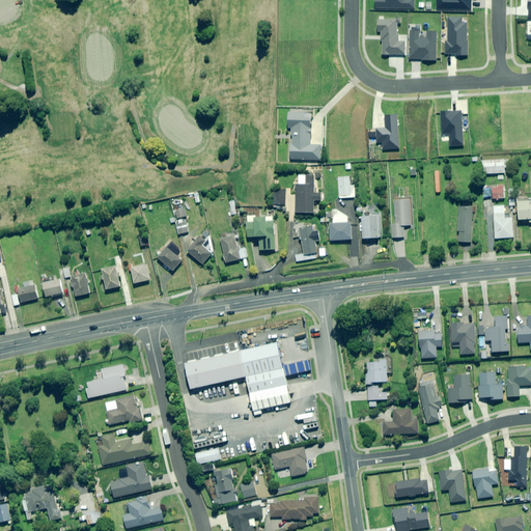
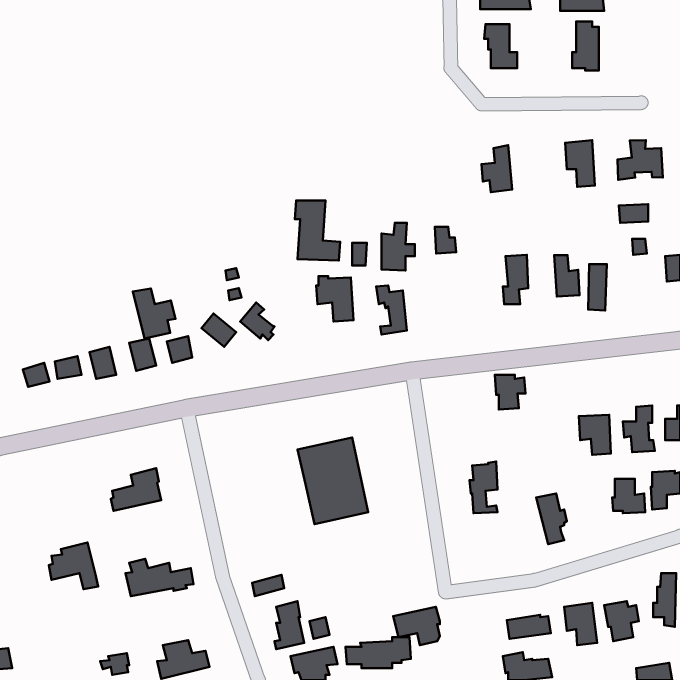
building: [409,29,436,59] -> none
building: none -> [617,140,663,180]
building: [286,112,322,159] -> [295,201,340,261]
building: [493,205,512,237] -> [554,255,580,297]
building: [330,206,352,240] -> none
building: [356,206,381,237] -> none
building: none -> [133,289,176,339]
building: [220,234,247,261] -> none
building: [418,331,442,358] -> [495,375,526,409]
building: [180,350,237,388] -> none
building: [446,374,471,403] -> none
building: [106,395,141,424] -> none
building: [382,409,417,435] -> none
building: [270,446,306,476] -> [393,607,440,645]
building: [110,463,150,497] -> none
building: [23,483,61,520] -> [49,543,98,589]

